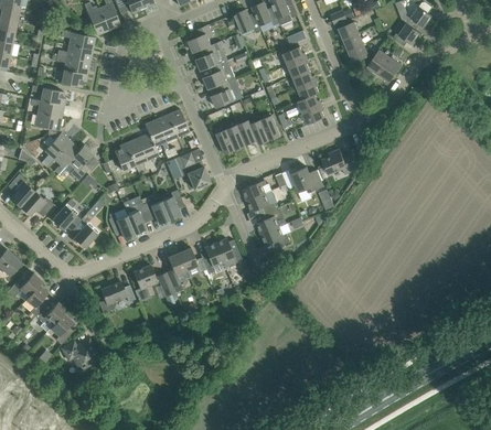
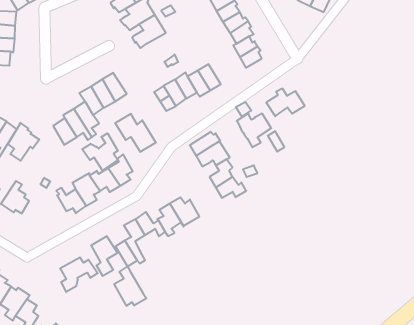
building: [211,78,243,107] -> none
building: none -> [82,133,118,170]
building: [71,213,98,247] -> none
building: none -> [114,266,146,306]

